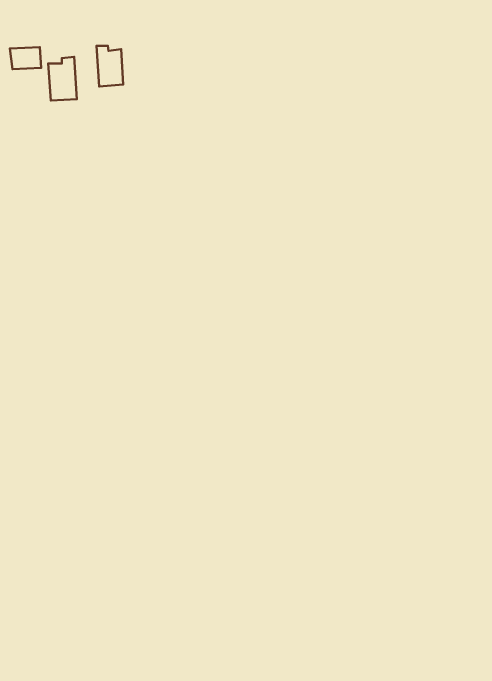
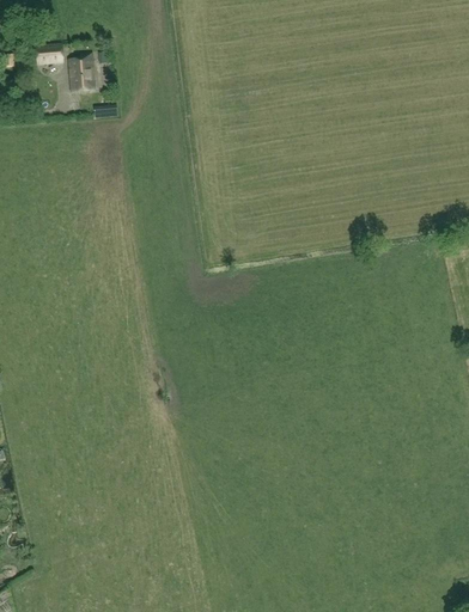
building: [97,46,123,86] -> none

